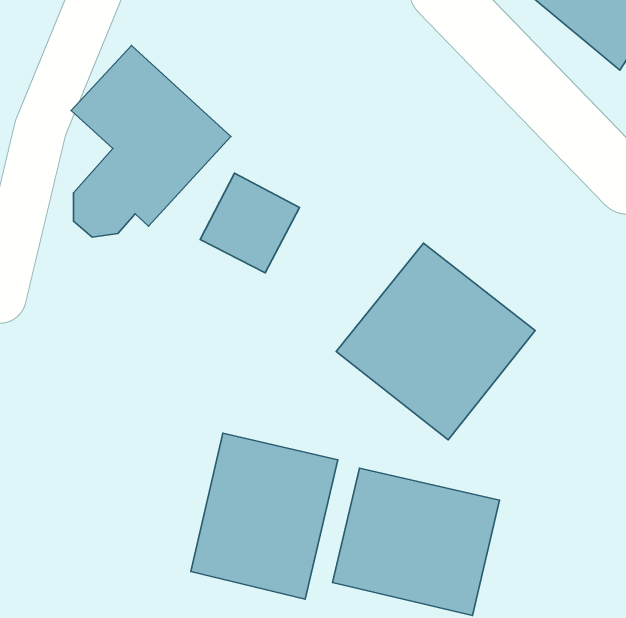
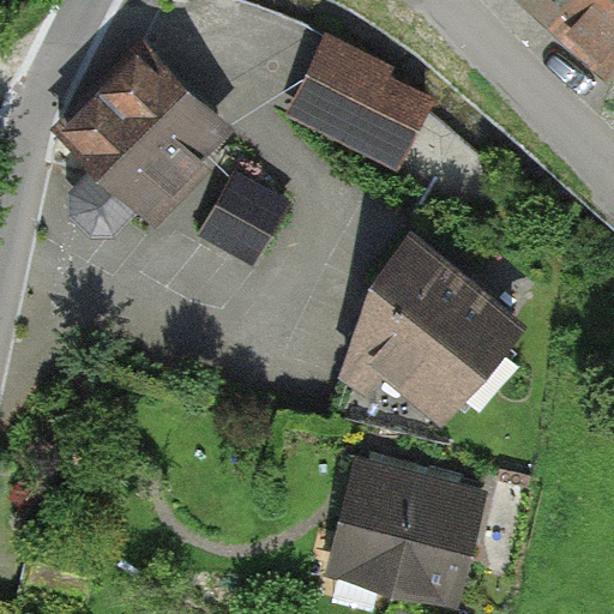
building: none -> [284,34,440,176]
building: [191,433,338,599] -> none

